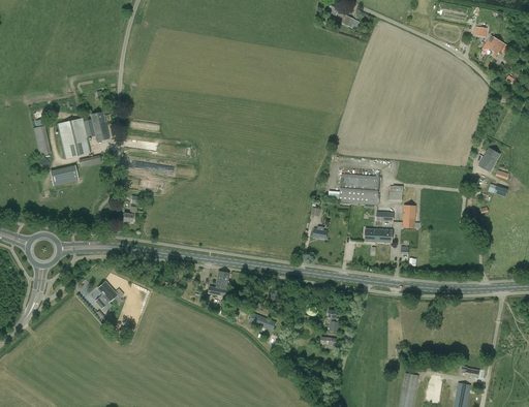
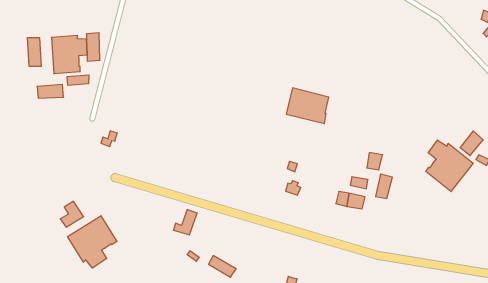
building: none -> [426,140,473,192]
building: [340,174,379,204] -> [286,88,329,124]
building: none -> [68,216,117,268]

